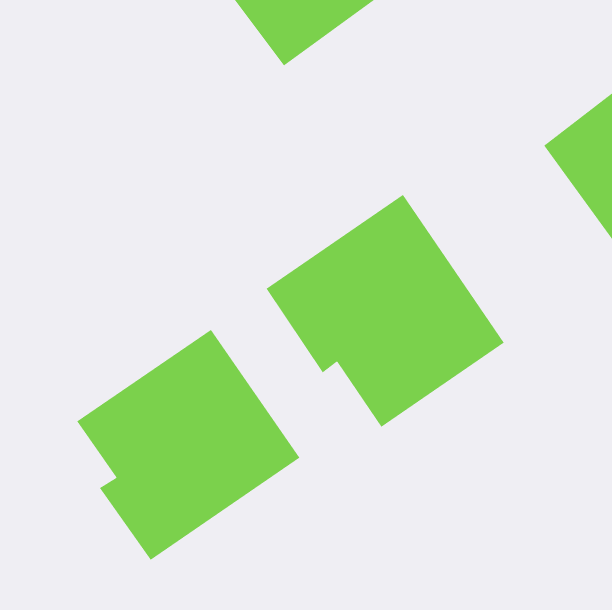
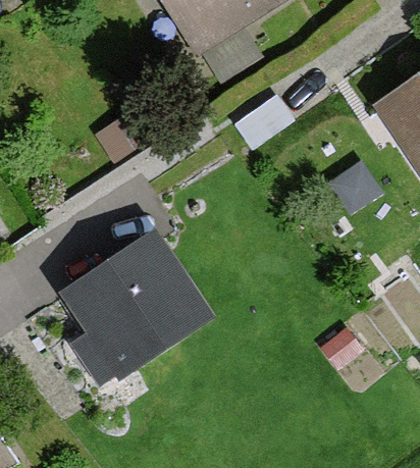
building: [265,194,505,428] -> none

